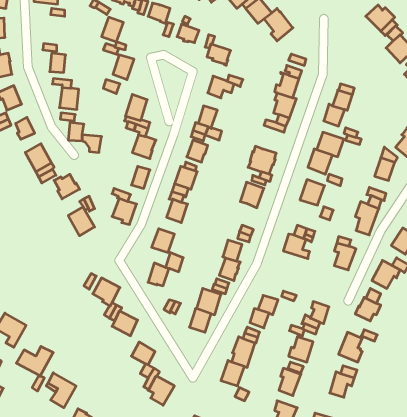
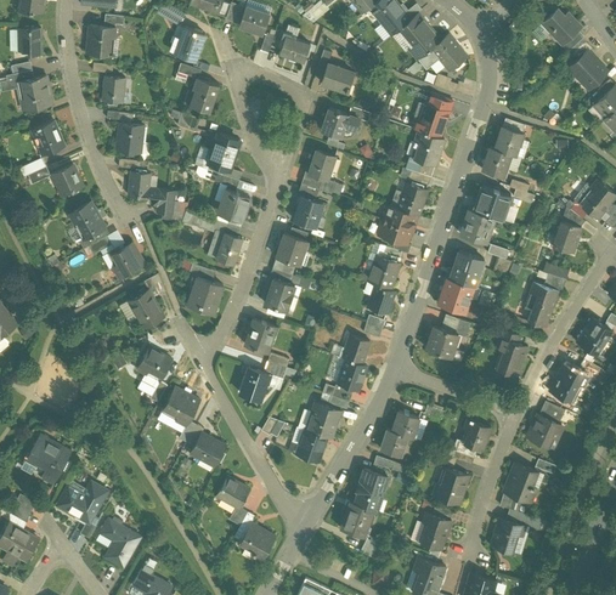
building: none -> [87,25,115,57]
building: none -> [418,34,467,72]
building: none -> [397,183,426,215]
building: none -> [439,278,474,313]
building: none -> [367,284,395,314]
building: none -> [137,347,173,379]

